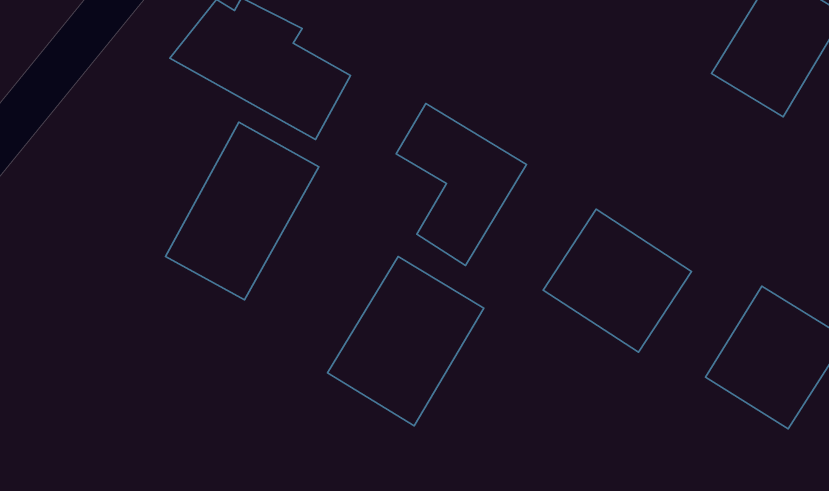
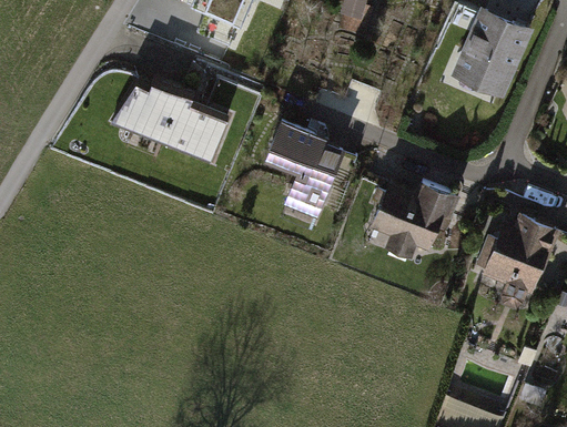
building: [165,122,319,300] -> none
building: [328,256,484,426] -> none

